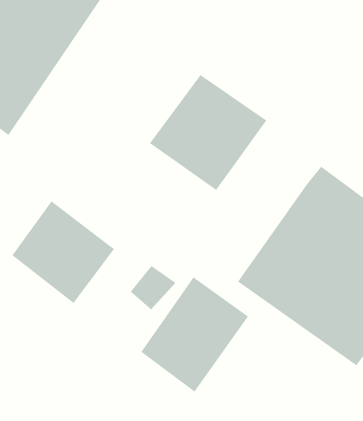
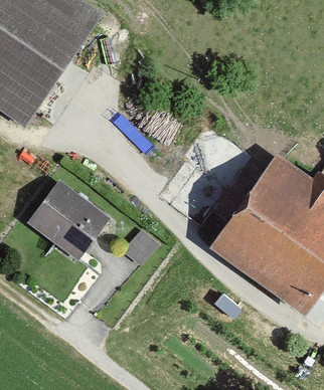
building: [149,74,267,191] -> none
building: [141,276,249,393] -> none

